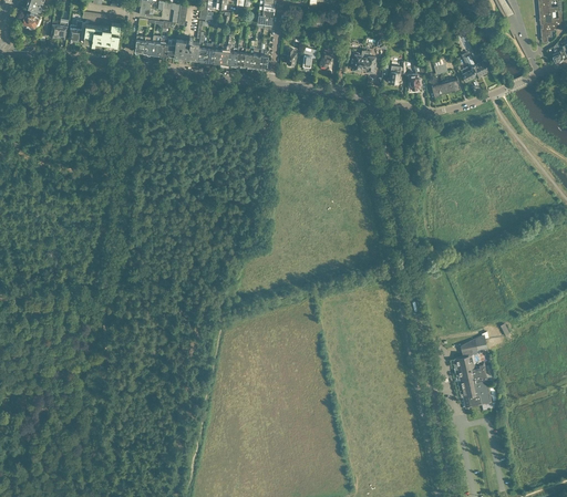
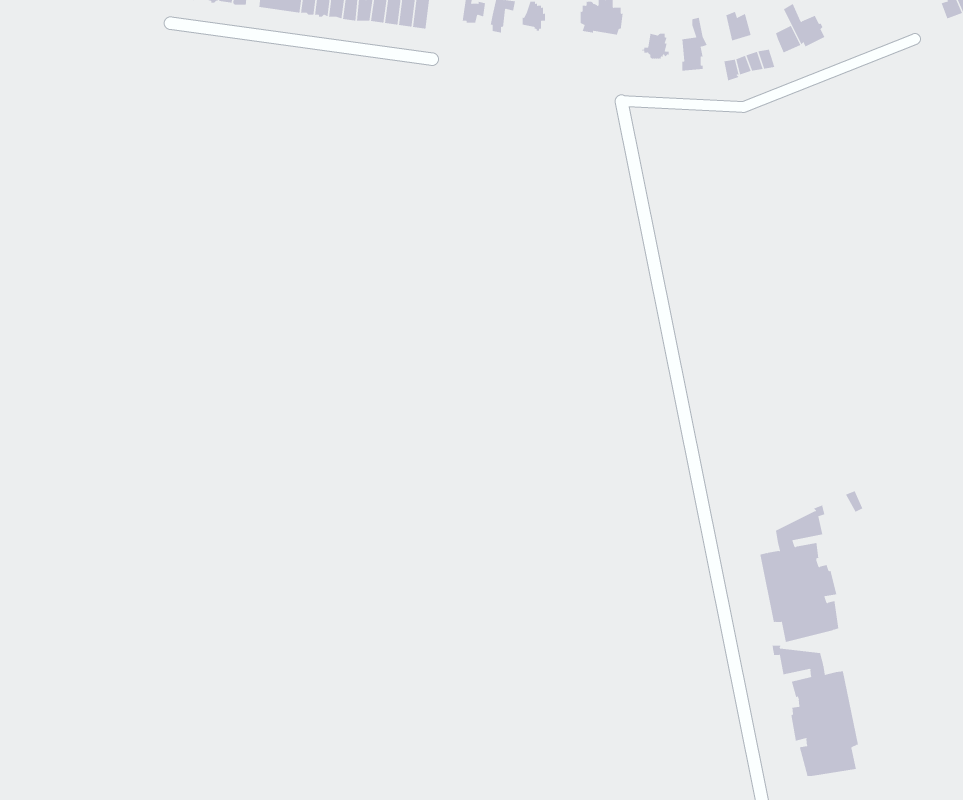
building: none -> [771,645,858,777]

